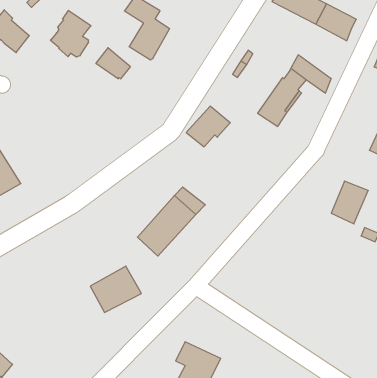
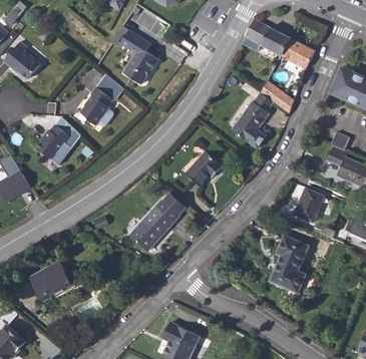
building: [50,10,91,57] -> [80,87,114,126]
building: none -> [35,123,71,164]
building: [186,106,230,147] -> [186,150,223,185]
building: none -> [269,234,310,293]
building: [90,266,141,312] -> [30,261,73,300]

